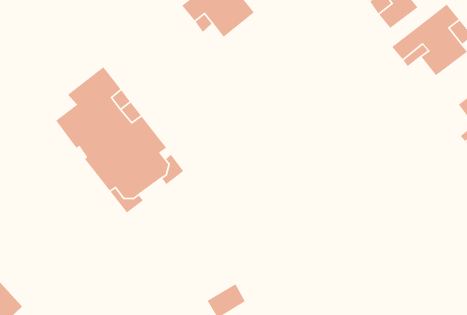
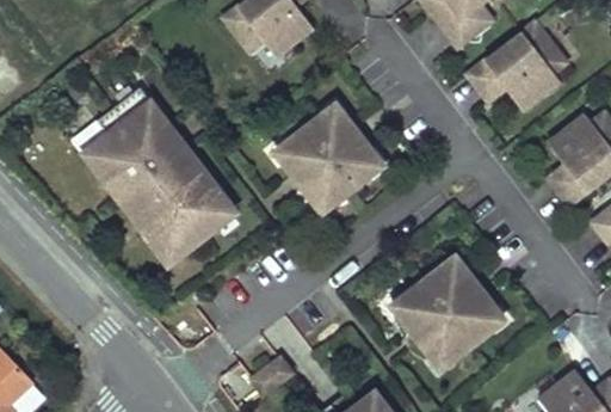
building: none -> [276,113,368,205]
building: none -> [401,271,493,362]

